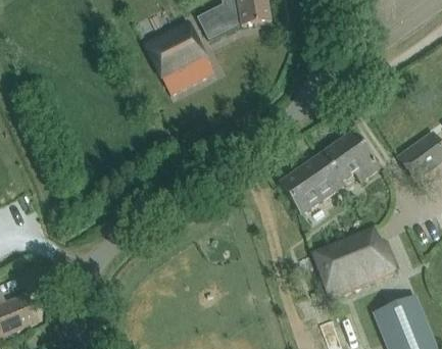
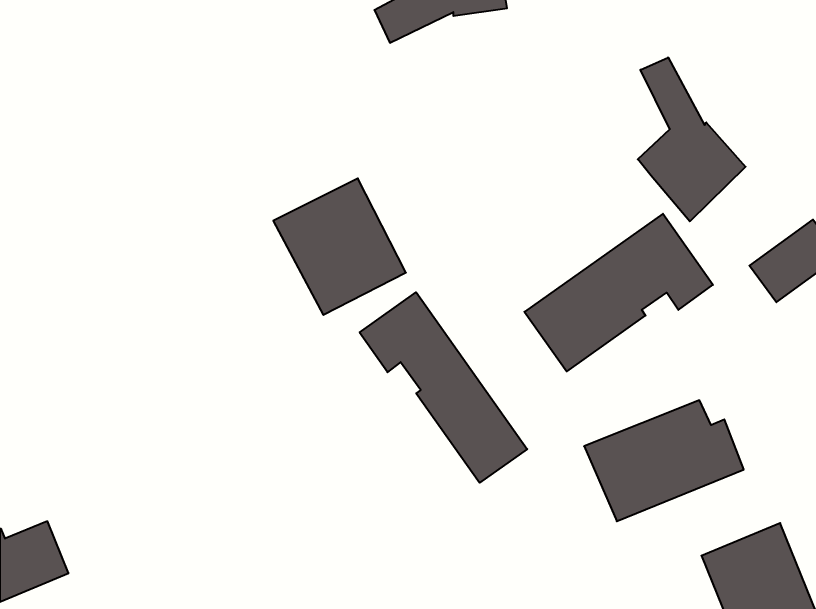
building: [143,21,213,94] -> [273,178,406,315]
building: none -> [638,57,746,221]
building: none -> [360,292,527,483]

